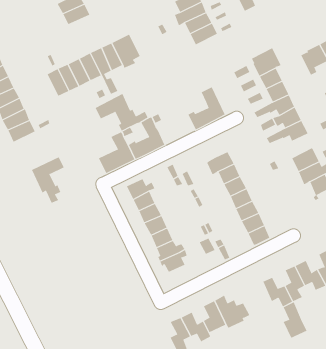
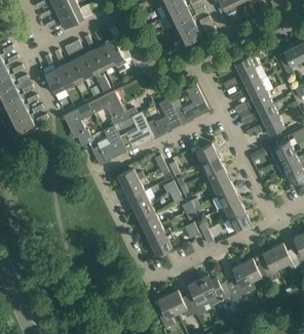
building: none -> [147,98,181,137]
building: [31,156,65,204] -> [63,103,93,147]
building: [283,302,307,339] -> [232,262,255,296]

